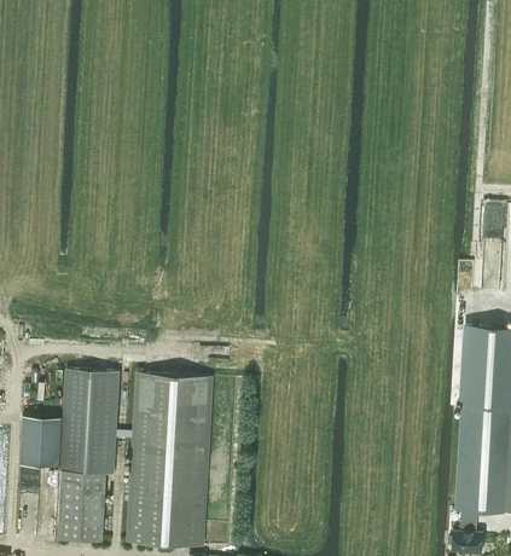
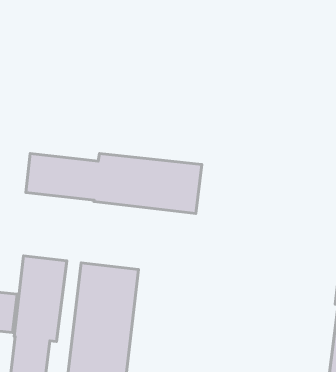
building: none -> [26,153,202,213]

